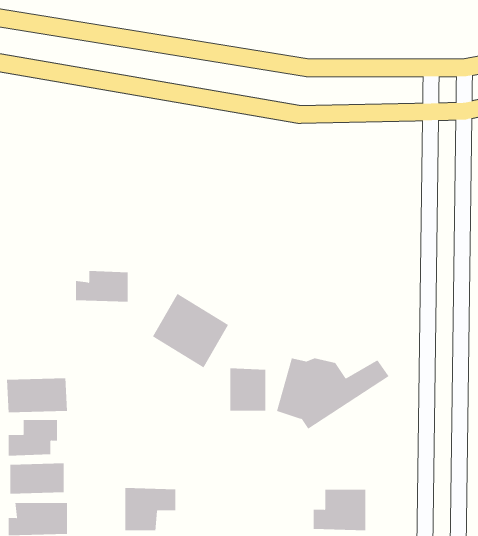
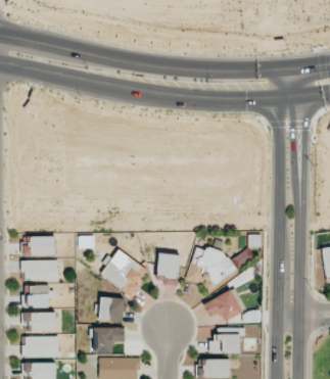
building: [75,271,128,302] -> [22,236,55,255]
building: [152,293,229,368] -> [101,249,148,295]
building: none -> [202,290,242,322]
building: none -> [99,297,125,322]

